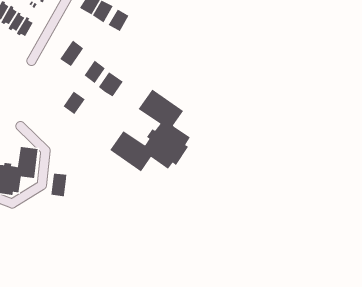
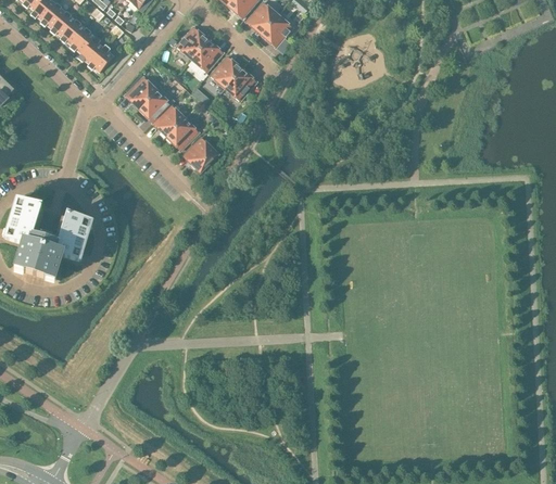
building: none -> [225,67,256,100]
building: none -> [125,76,156,109]
building: [109,89,191,173] -> none
building: [62,90,86,115] -> [152,103,185,136]
building: [51,173,67,197] -> none

